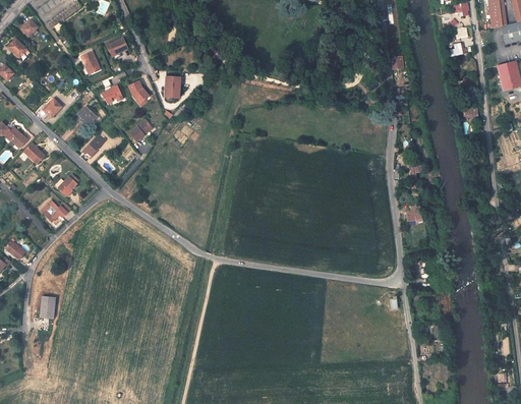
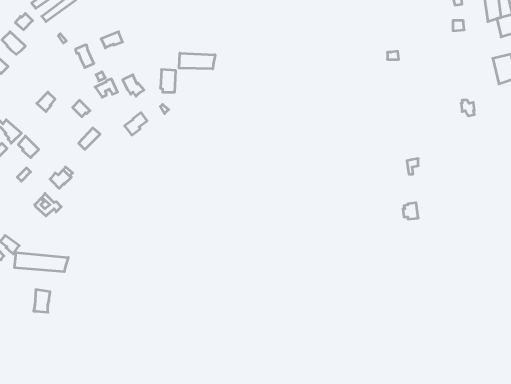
building: none -> [179,53,215,69]
building: none -> [15,252,68,272]

